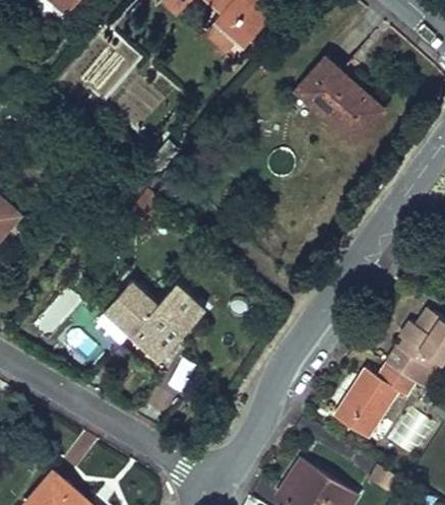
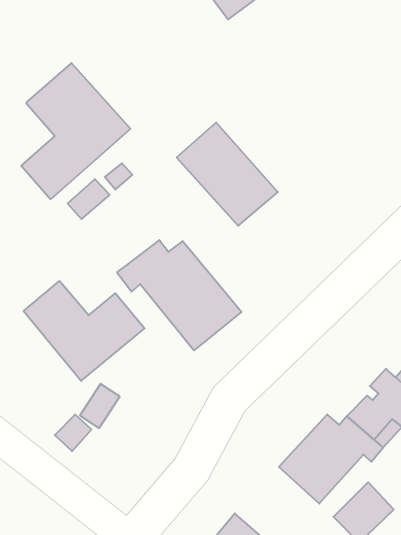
building: [297,60,384,142] -> [177,123,278,226]
building: none -> [21,63,130,199]
building: none -> [117,240,241,350]

